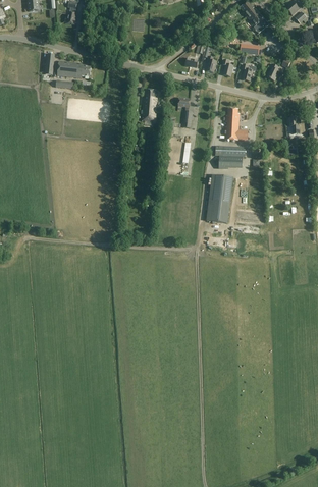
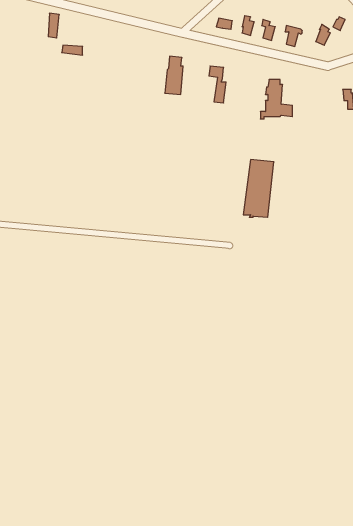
building: [57,61,91,78] -> none
building: [215,146,246,166] -> none

